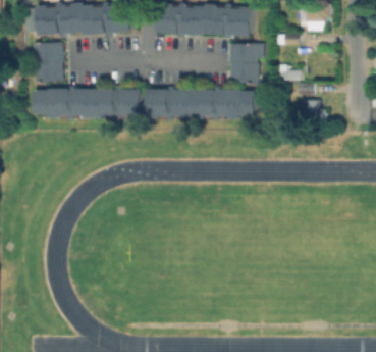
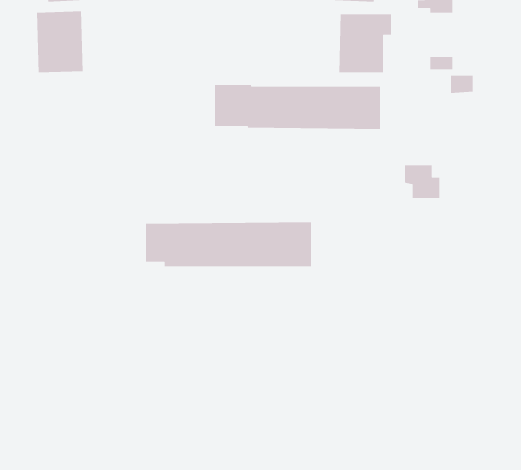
building: [33,88,141,117] -> [145,222,312,267]
building: [302,100,325,122] -> [404,164,440,199]

